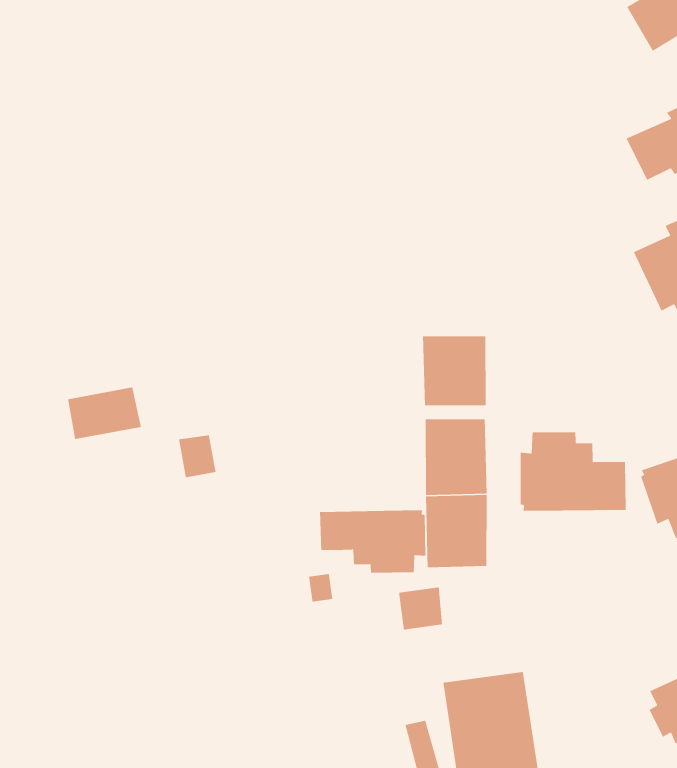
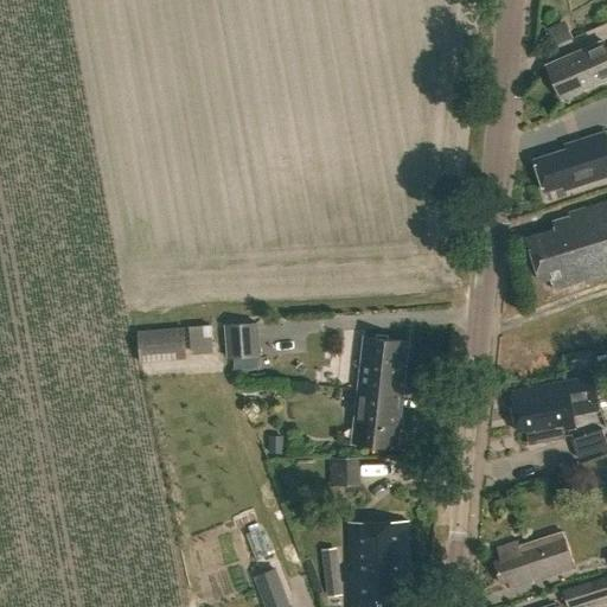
building: [422,336,486,406] -> none
building: [67,386,142,440] -> [139,328,189,360]
building: none -> [226,324,260,359]
building: [520,431,627,511] -> none
building: [319,509,426,573] -> none

